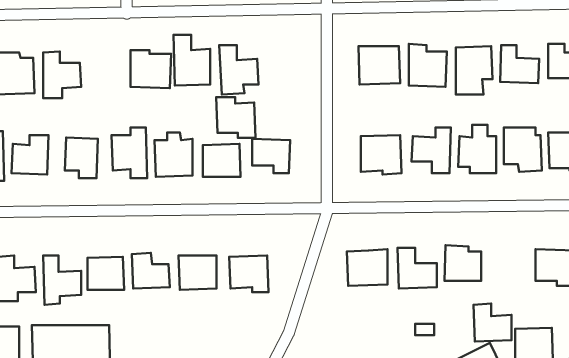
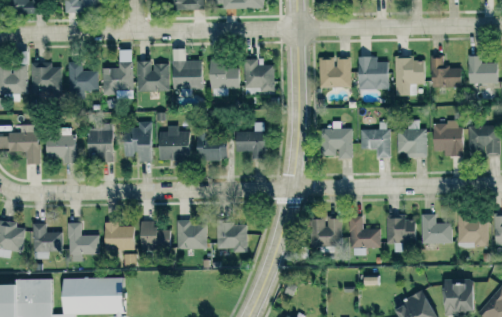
building: none -> [104,50,135,96]
building: [216,97,255,138] -> [244,60,275,92]
building: [474,304,511,342] -> [423,214,453,244]

